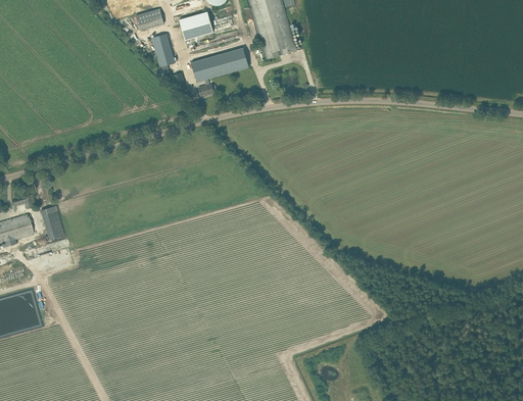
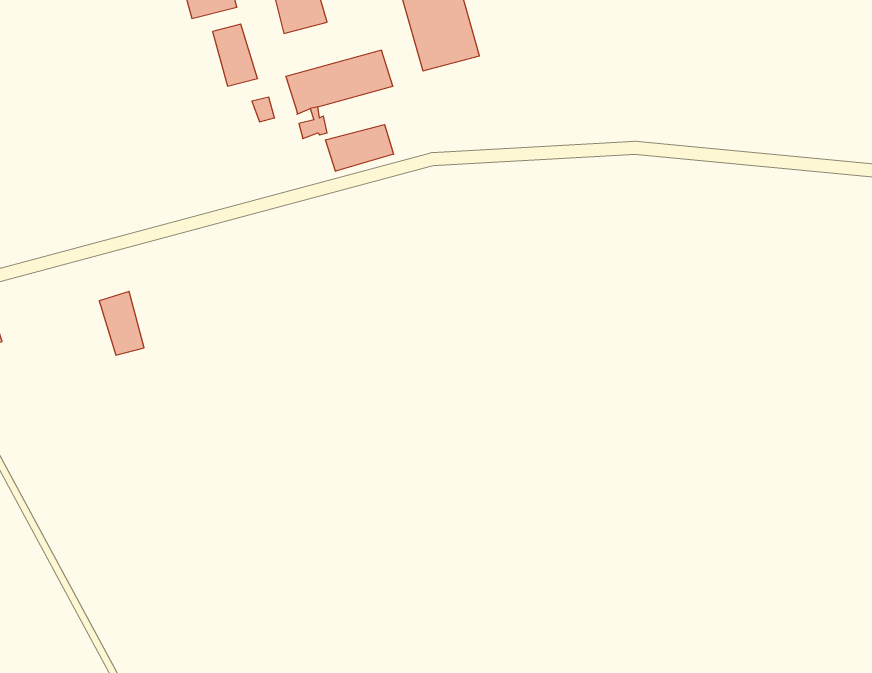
building: none -> [325,125,394,171]
building: [40,205,64,240] -> [99,291,144,355]

